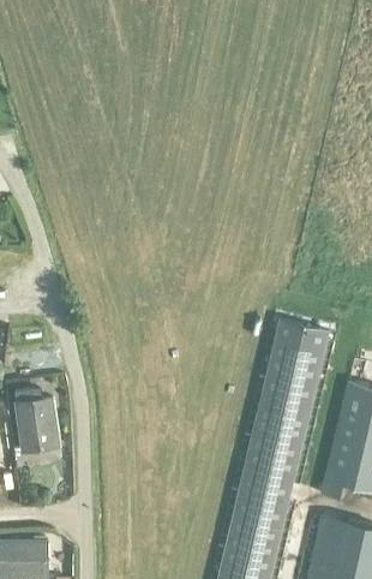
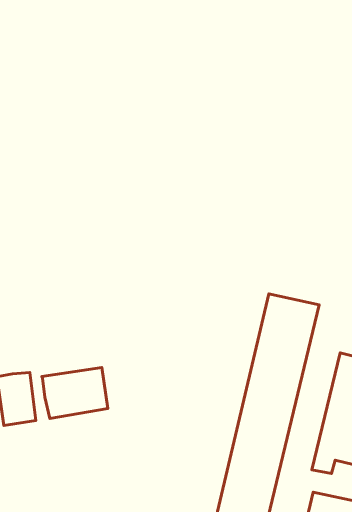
building: none -> [42,368,108,419]

